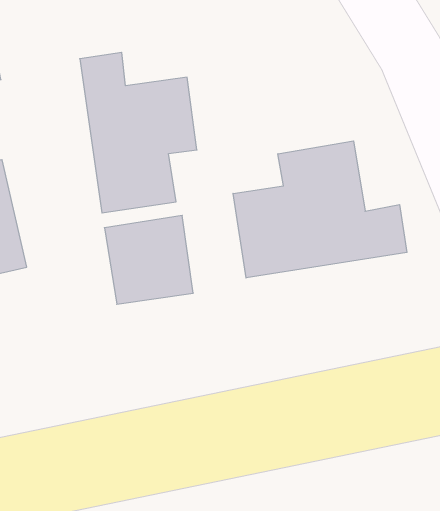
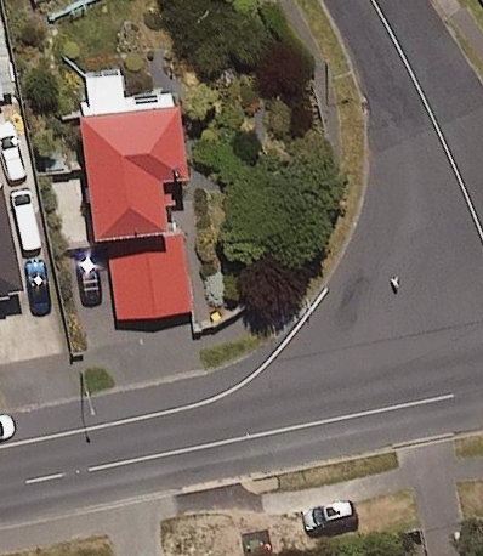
building: [233,141,407,278] -> none

